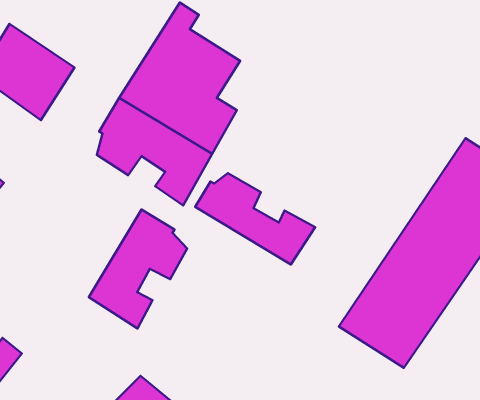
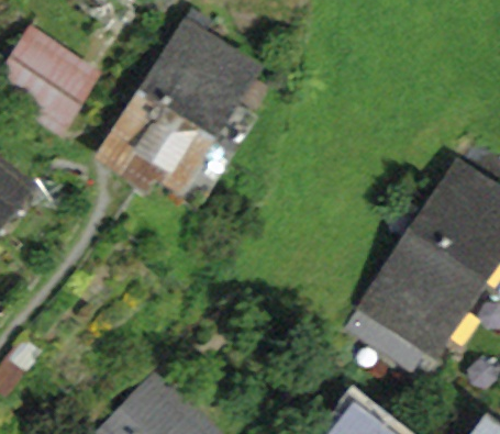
building: [195,173,315,264] -> none
building: [89,210,187,328] -> none

